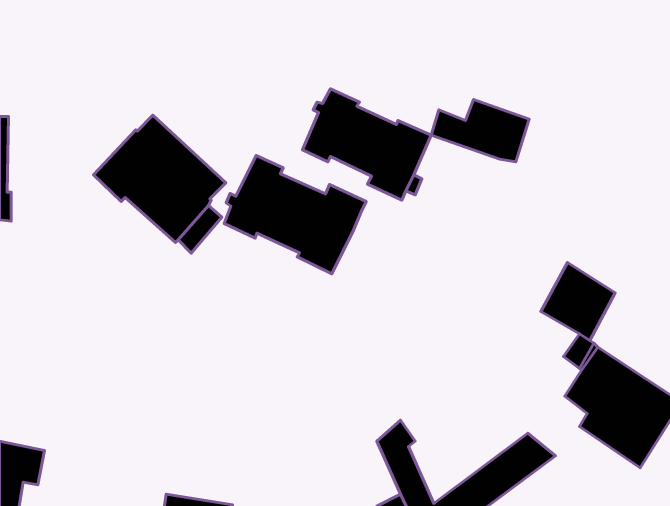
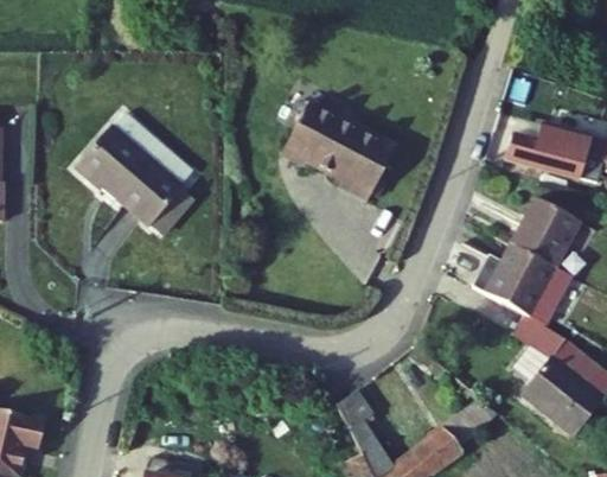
building: [431,99,529,162] -> [506,126,594,182]
building: [224,155,366,274] -> none
building: none -> [509,199,579,276]

